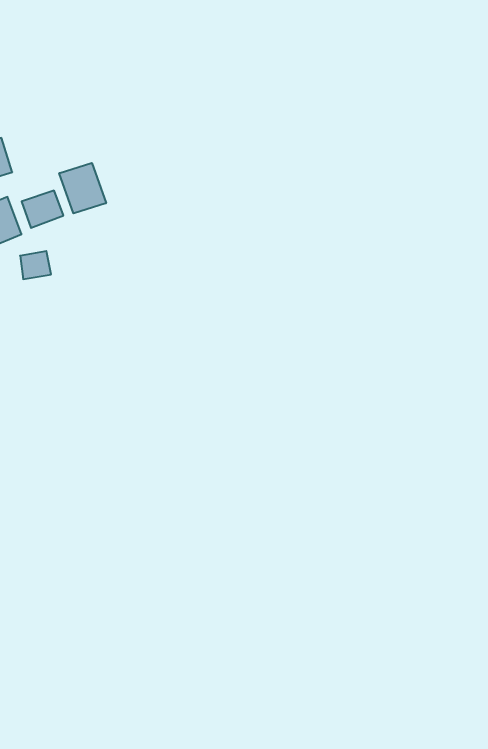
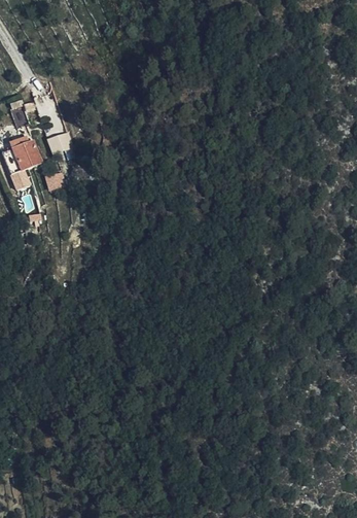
building: [59,163,106,213] -> none

